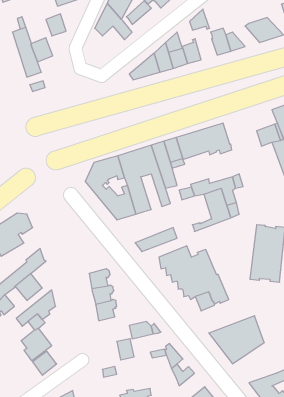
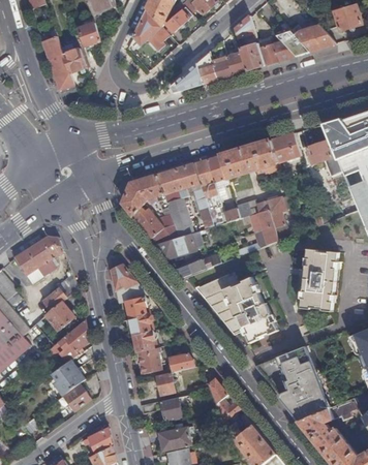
building: none -> [276,31,309,56]
building: none -> [240,42,264,70]
building: none -> [270,131,300,161]
building: none -> [155,233,194,254]
building: none -> [110,264,146,302]
building: none -> [136,346,160,373]
building: none -> [280,375,328,418]
building: none -> [159,394,187,418]

